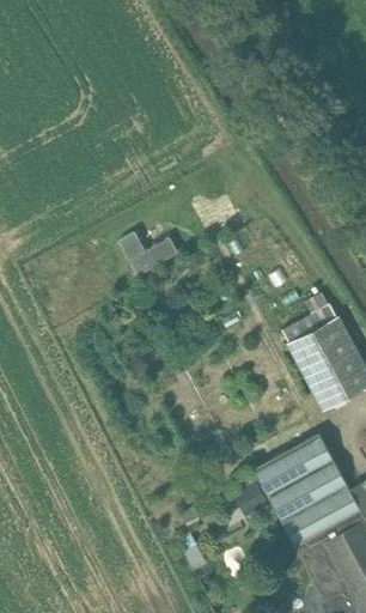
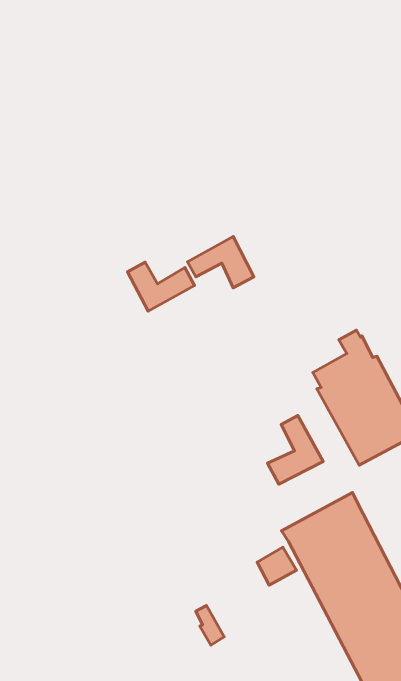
building: none -> [188,236,254,288]
building: none -> [268,416,323,484]

